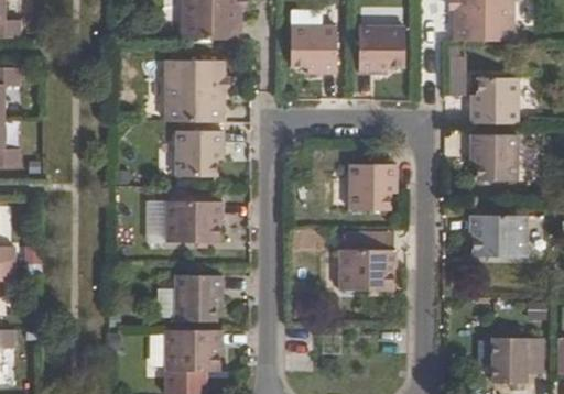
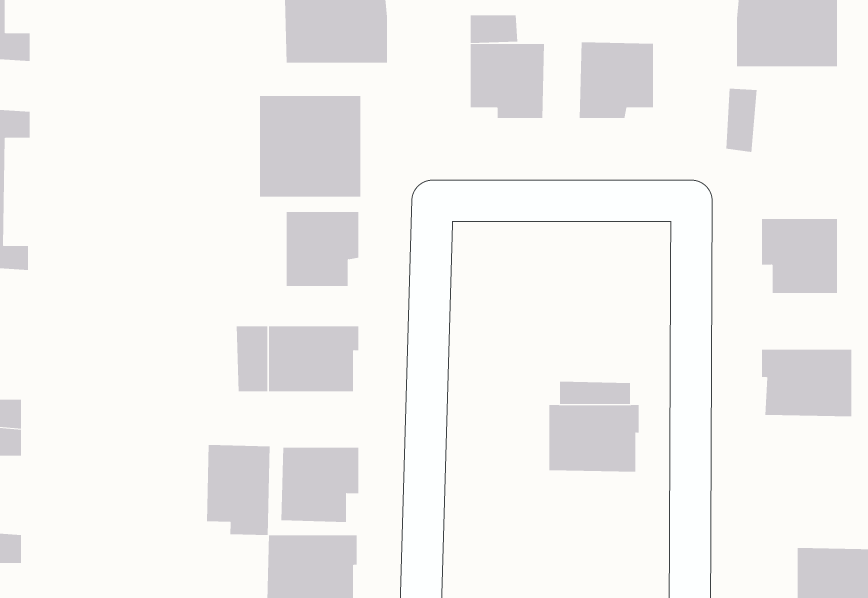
building: [471,78,518,124] -> none
building: [349,164,397,211] -> none
building: none -> [206,444,270,536]

